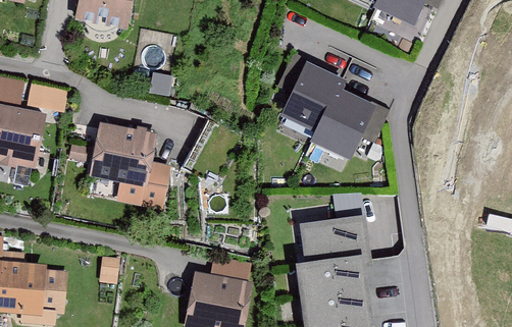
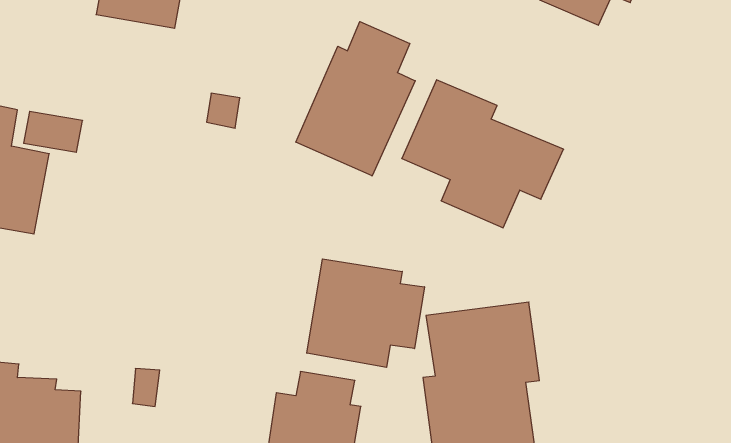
building: none -> [296,22,415,176]
building: [91,124,165,208] -> none
building: none -> [307,259,424,367]

